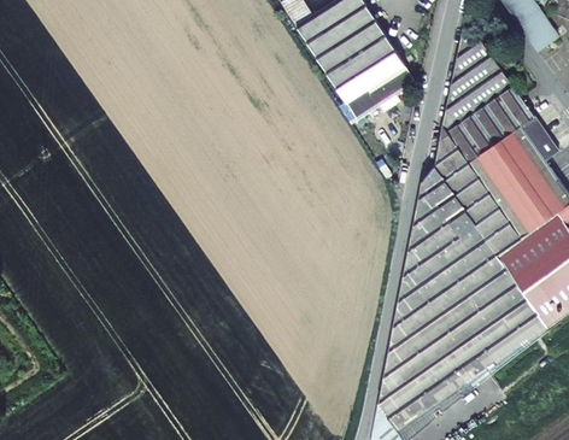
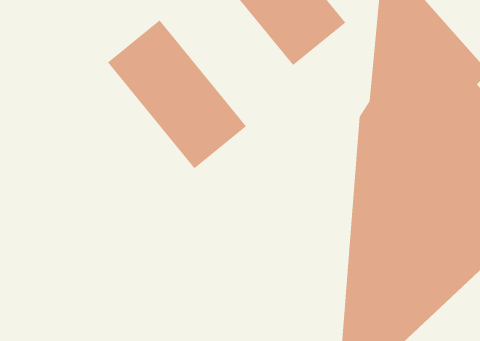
building: none -> [107,20,247,169]

